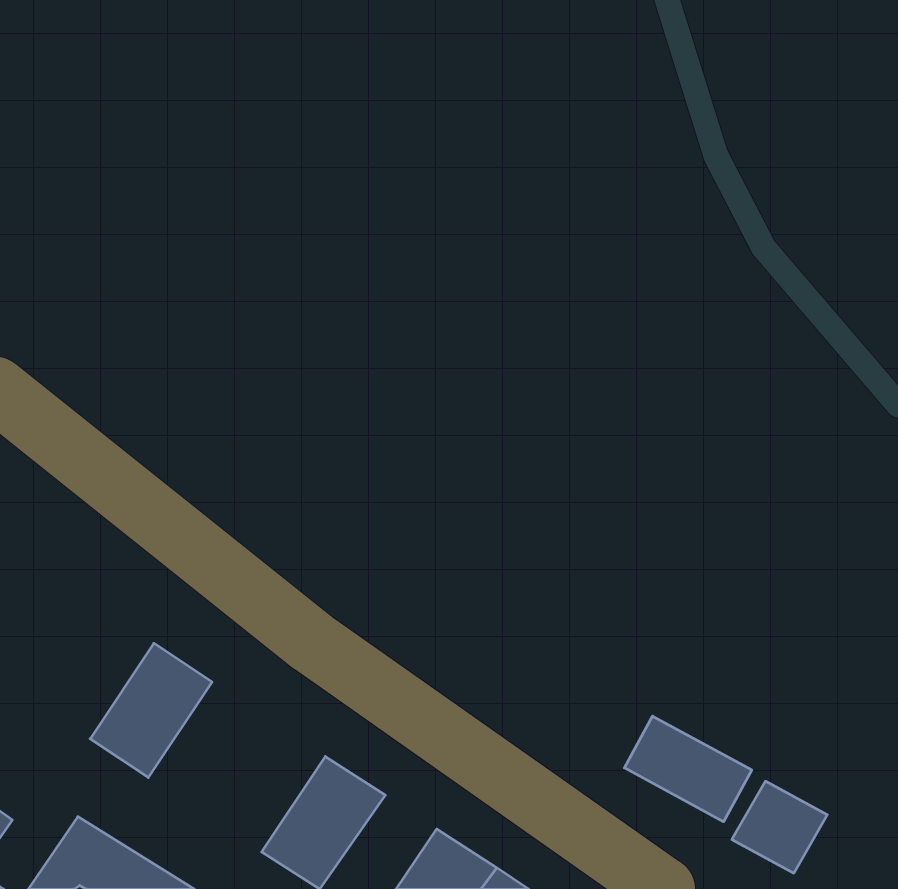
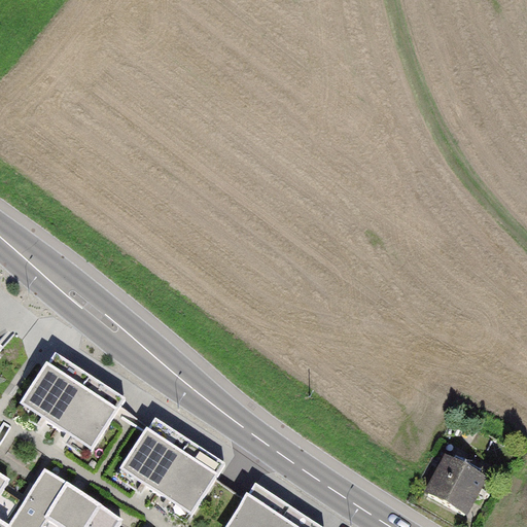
building: none -> [19,352,90,430]
building: [624,716,752,822] -> none
building: none -> [118,418,189,496]

